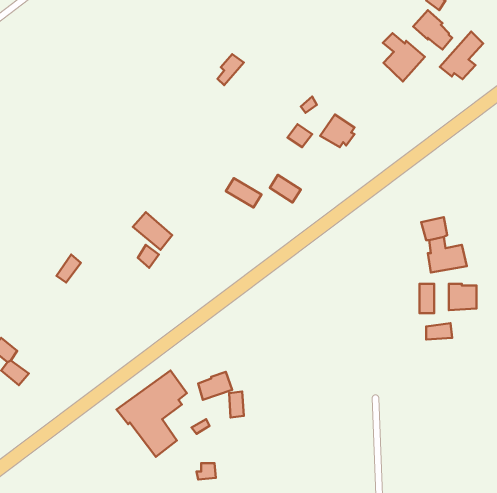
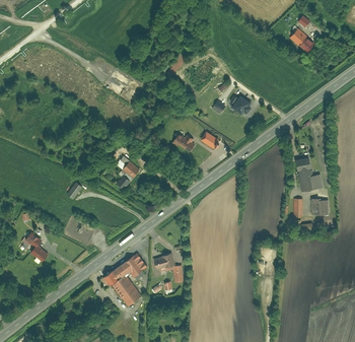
building: [440,31,483,79] -> none
building: [383,33,425,81] -> none

